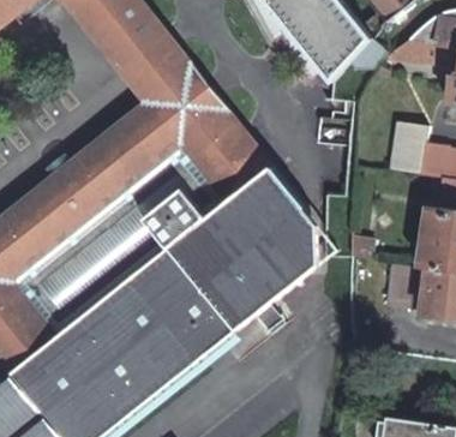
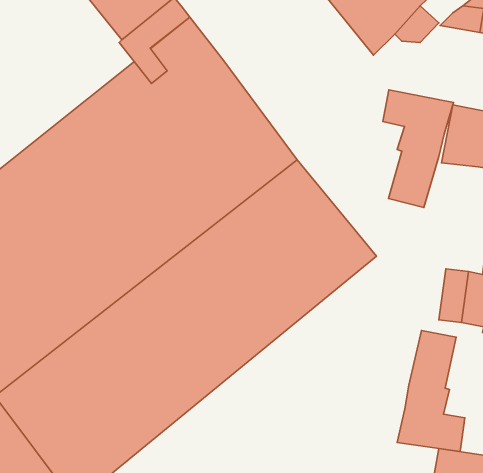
building: none -> [383,90,454,207]
building: none -> [397,331,465,451]

